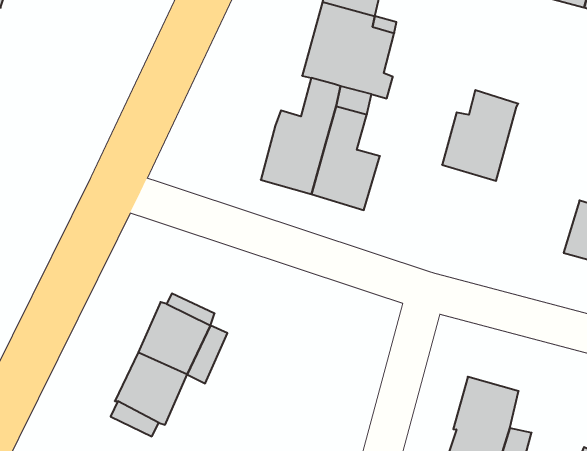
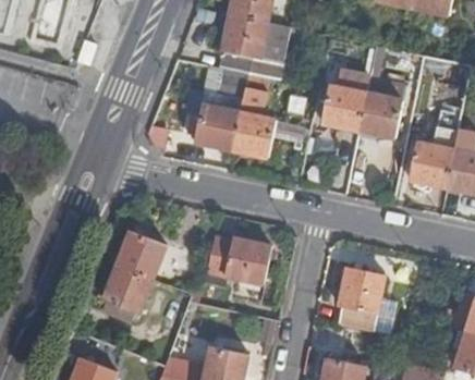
building: none -> [357,76,404,138]
building: none -> [205,237,269,302]

